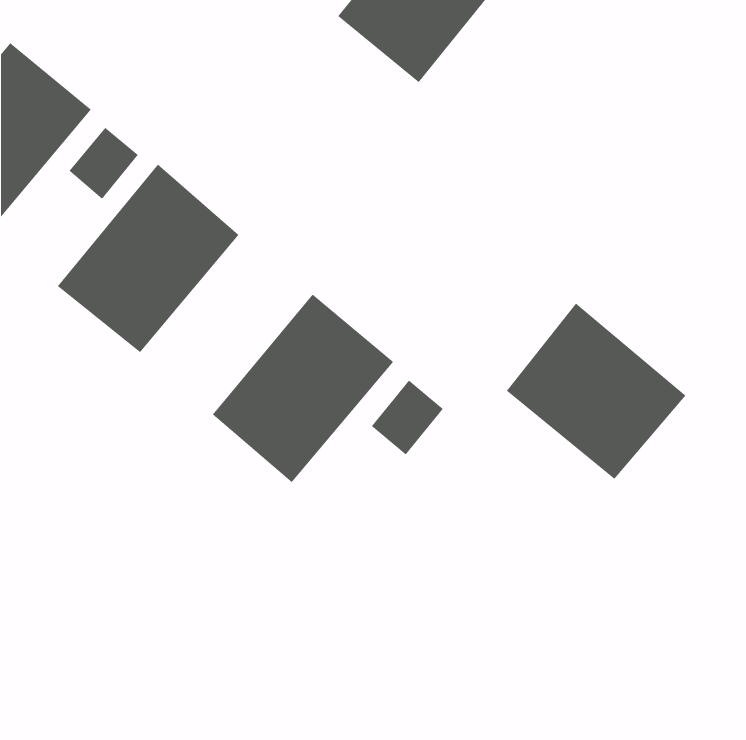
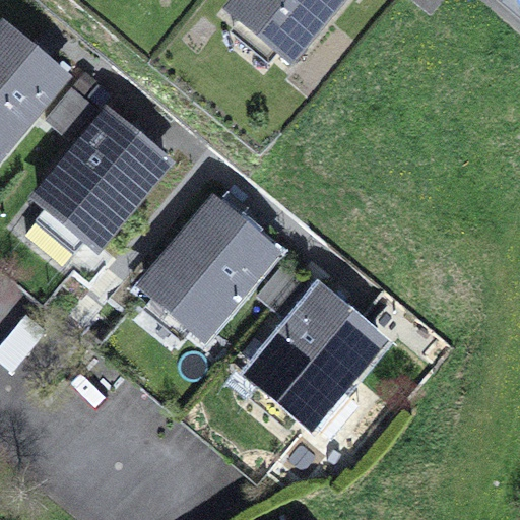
building: [506,303,686,480] -> none
building: none -> [254,294,381,425]

